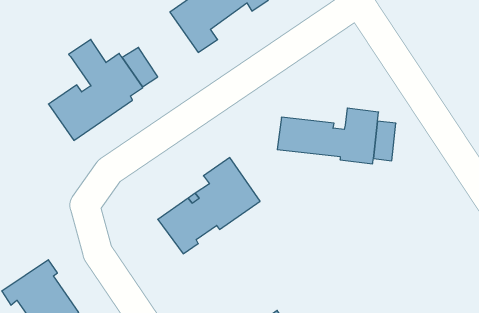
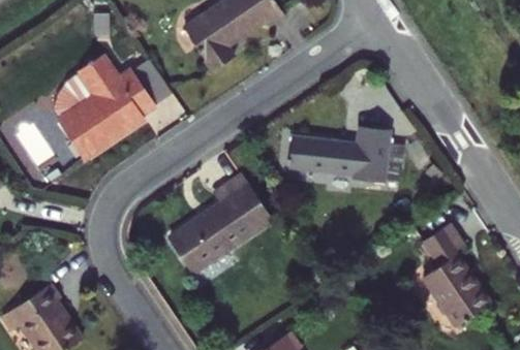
building: none -> [52,74,99,121]
building: none -> [424,224,491,327]

